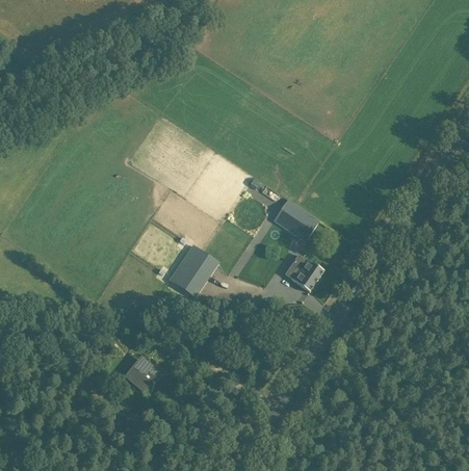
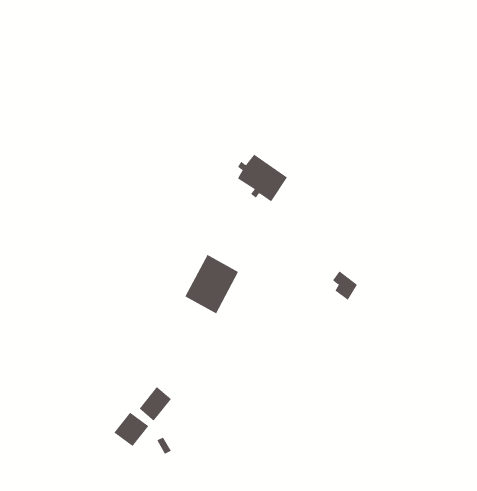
building: [273,199,318,241] -> [237,154,288,202]
building: none -> [114,412,149,447]

